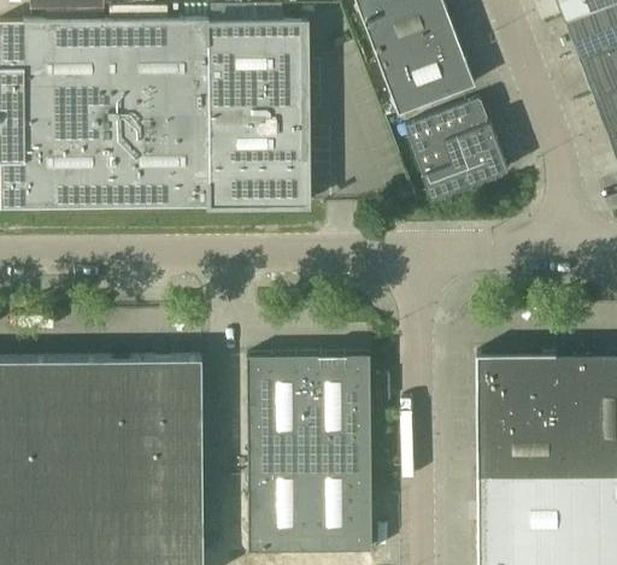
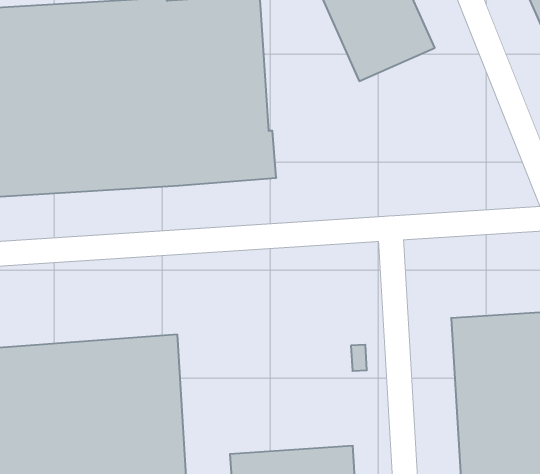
building: [406,100,507,201] -> none
building: [248,355,371,478] -> none

